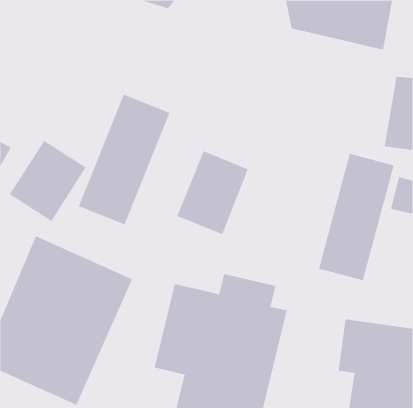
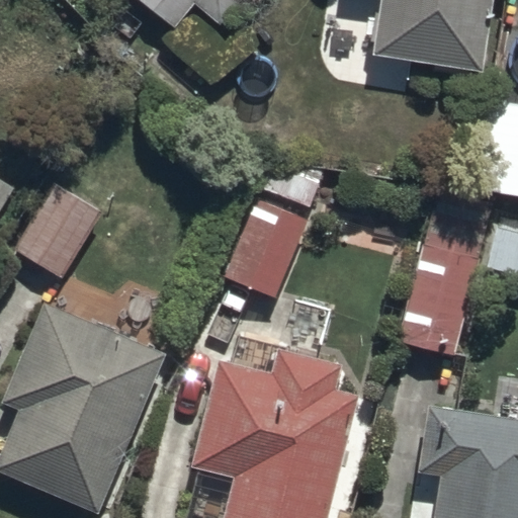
building: [78,94,170,225] -> none

